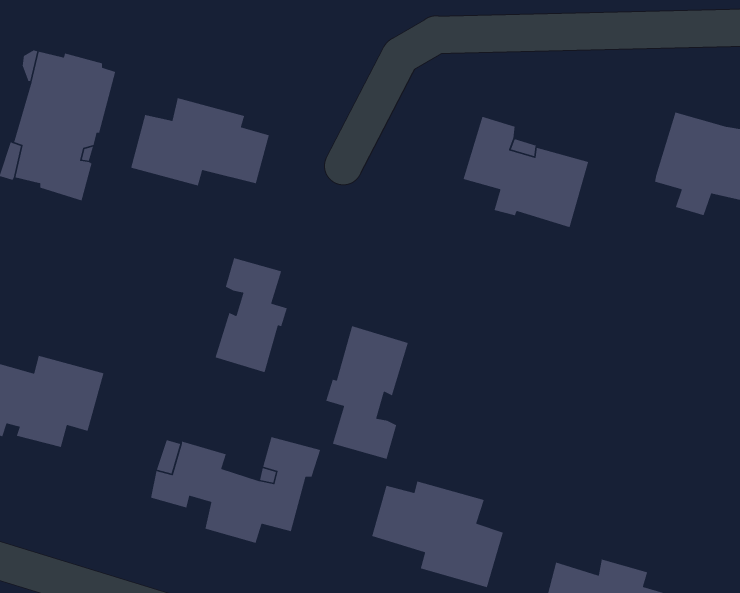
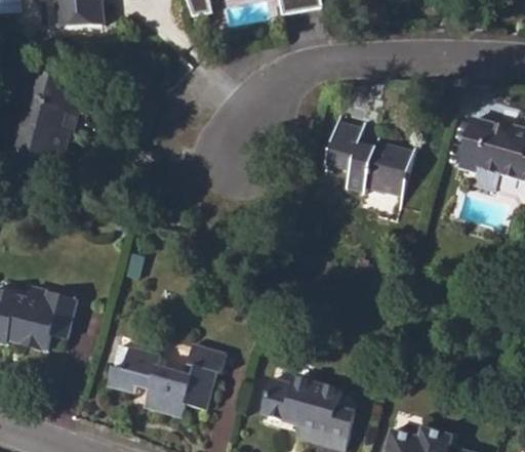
building: [130,97,270,186] -> none
building: [215,257,288,373] -> none
building: [325,325,409,460] -> none

